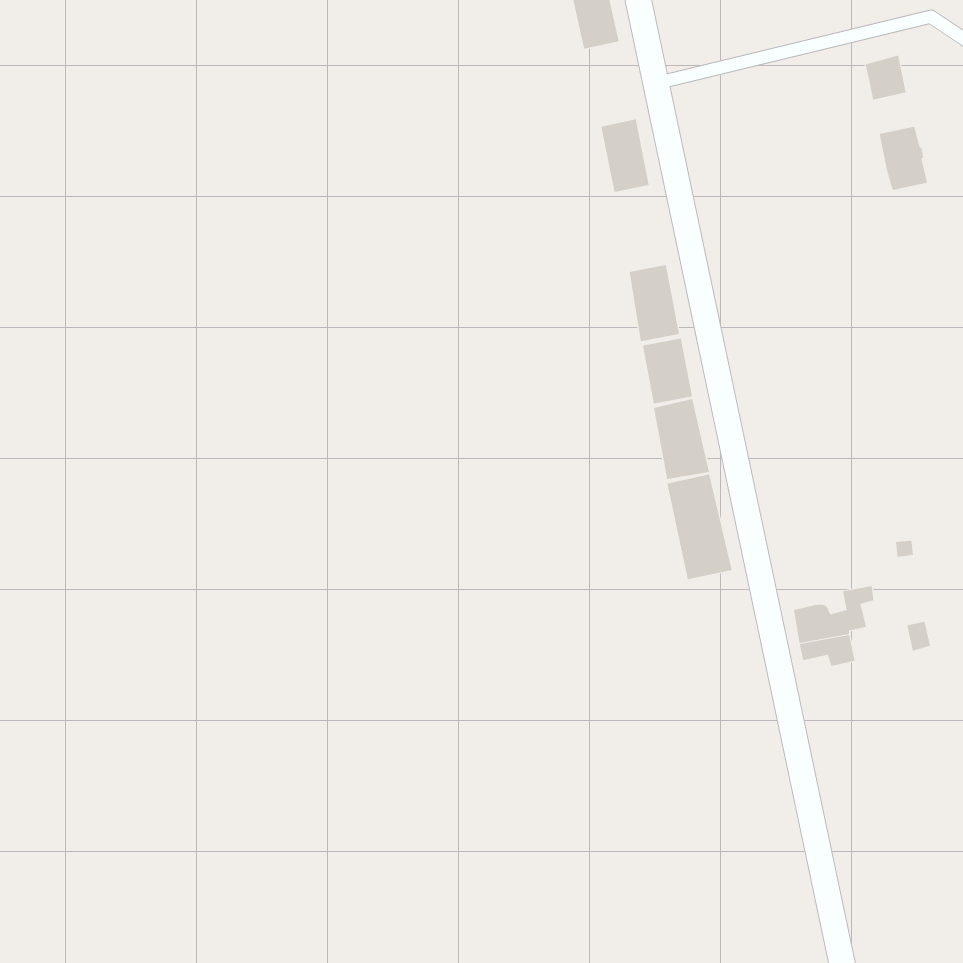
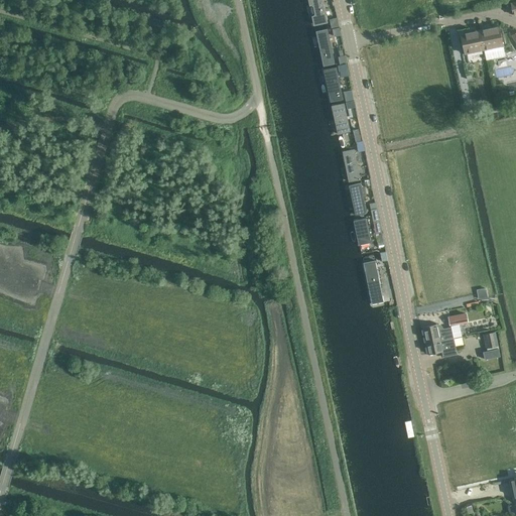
building: none -> [312,23,340,66]
building: [879,126,928,191] -> [481,25,507,59]
building: none -> [329,100,356,142]

